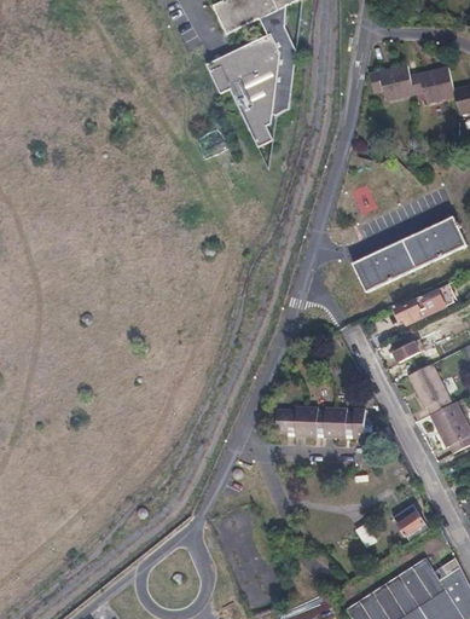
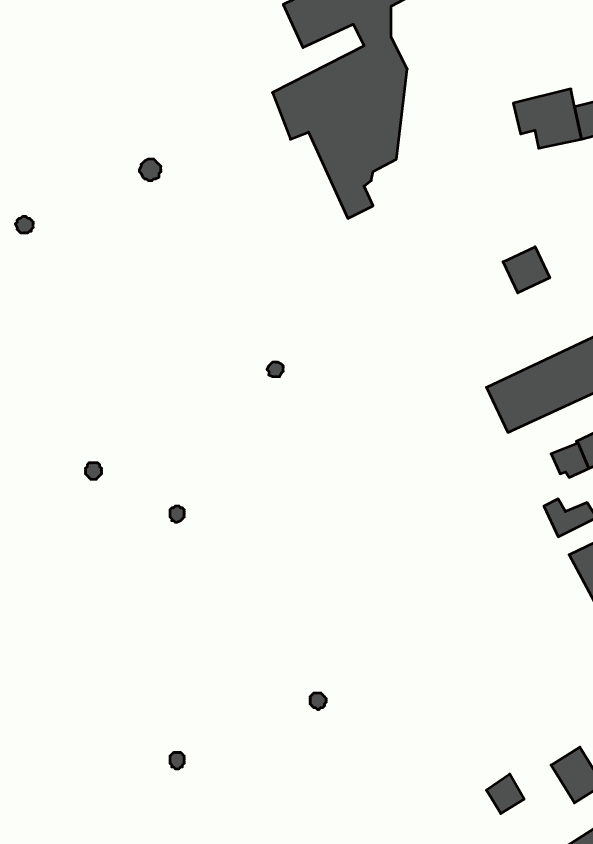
building: none -> [503,247,550,293]
building: [275,405,365,438] -> none

